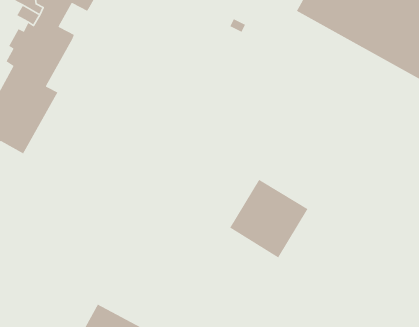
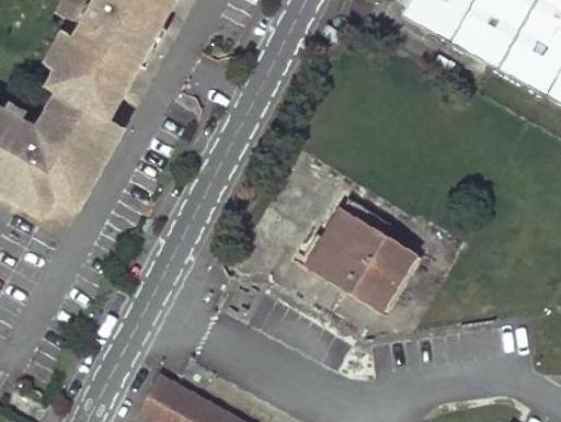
building: none -> [116,7,168,57]
building: none -> [307,201,391,278]

